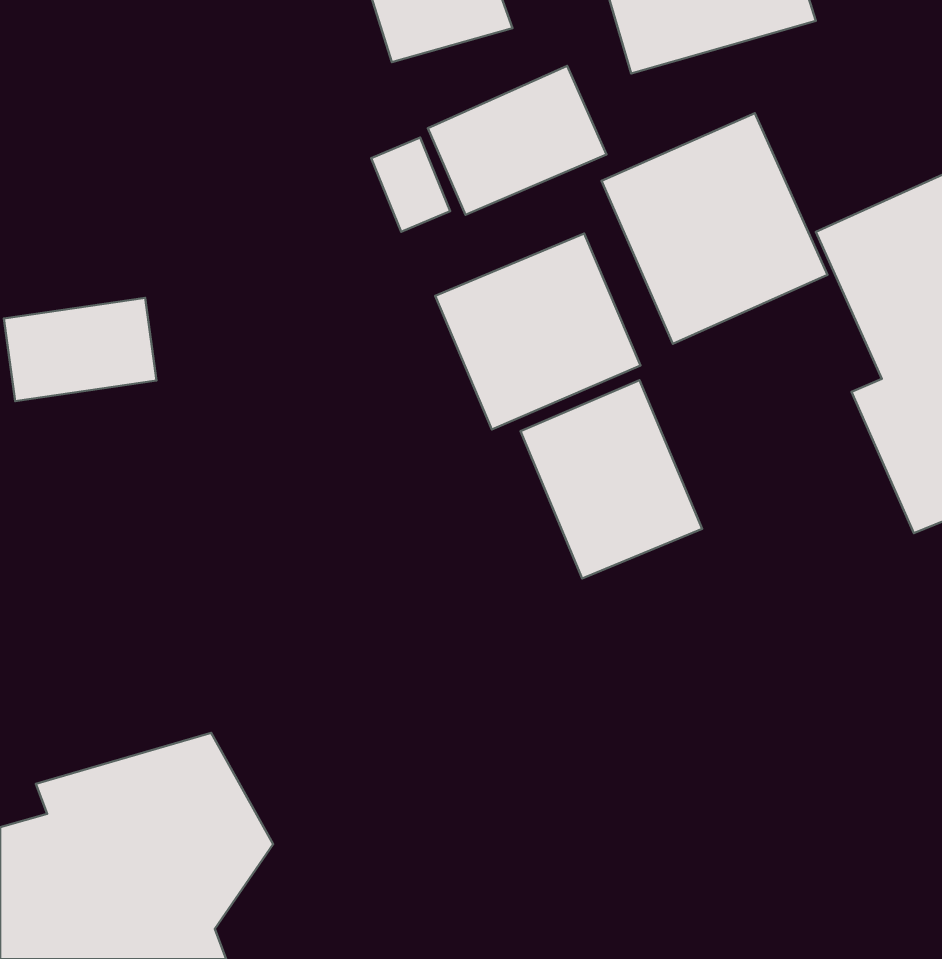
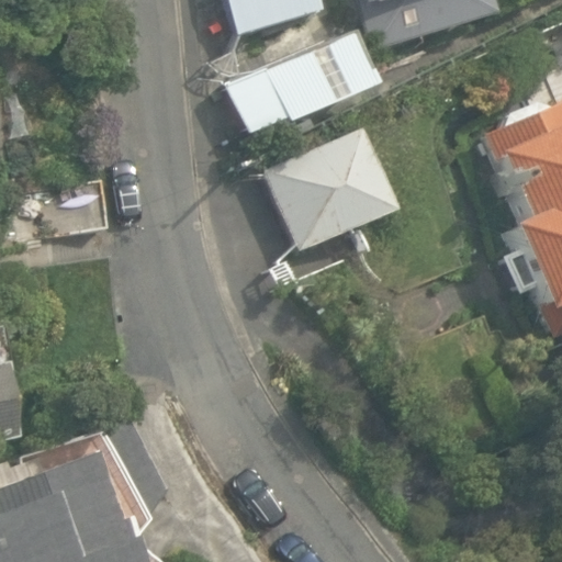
building: [601,113,828,344] -> none
building: [521,380,702,578] -> none

